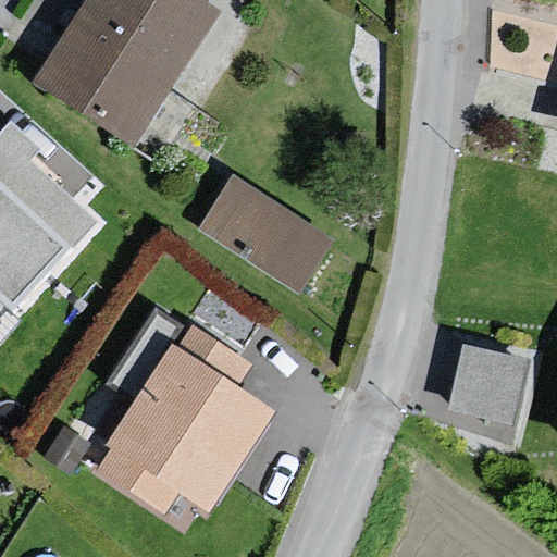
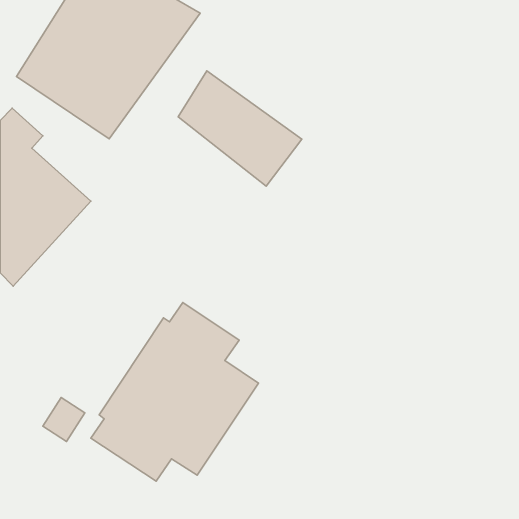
building: [191,175,323,298] -> [178,71,302,186]
building: [453,339,534,421] -> none

